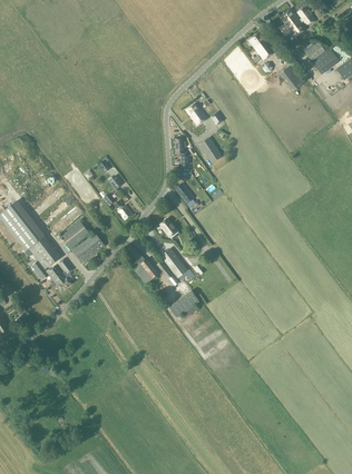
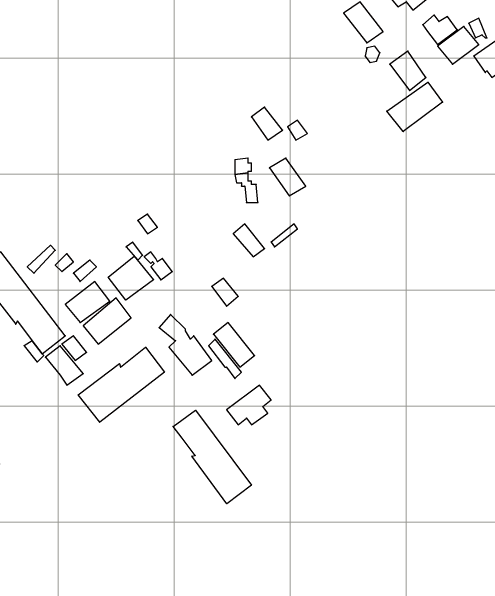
building: none -> [387,82,443,132]
building: none -> [108,256,154,300]
building: none -> [78,347,164,422]
building: none -> [173,410,251,504]

